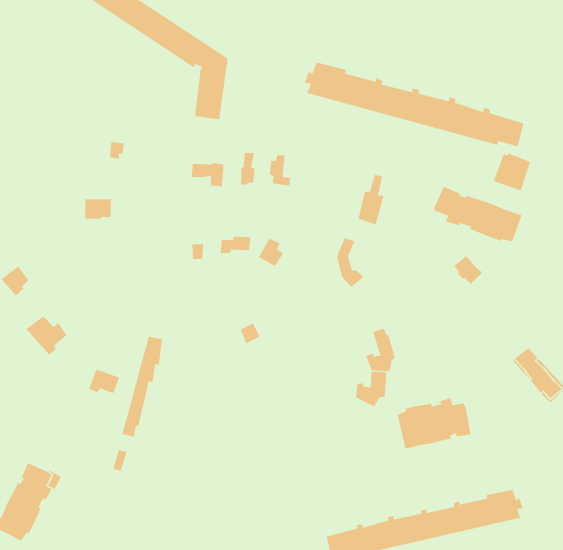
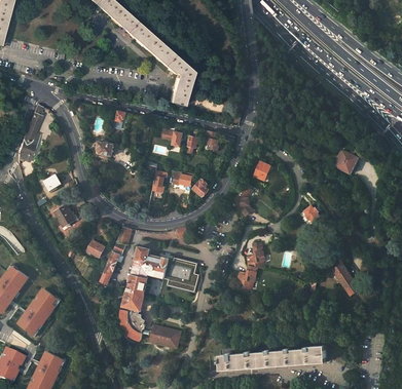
building: [304,62,525,148] -> none
building: [434,186,523,242] -> none
building: none -> [120,246,199,348]
building: [397,397,471,450] -> none

